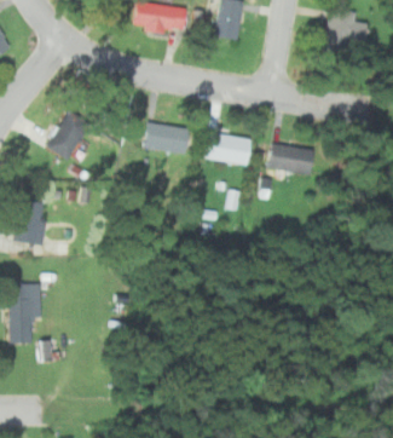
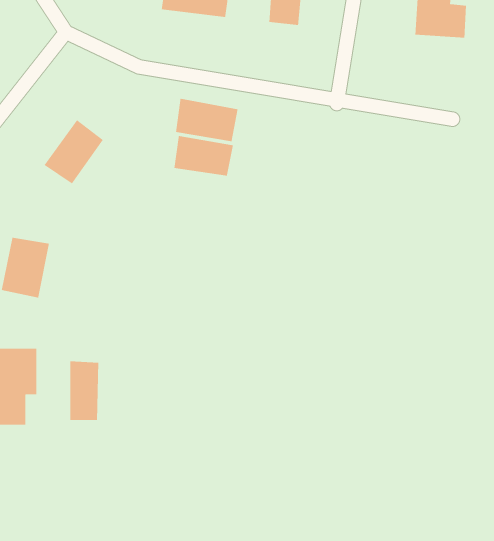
building: [204,132,253,166] -> [175,98,238,142]
building: [265,144,312,175] -> none
building: none -> [70,360,99,421]

